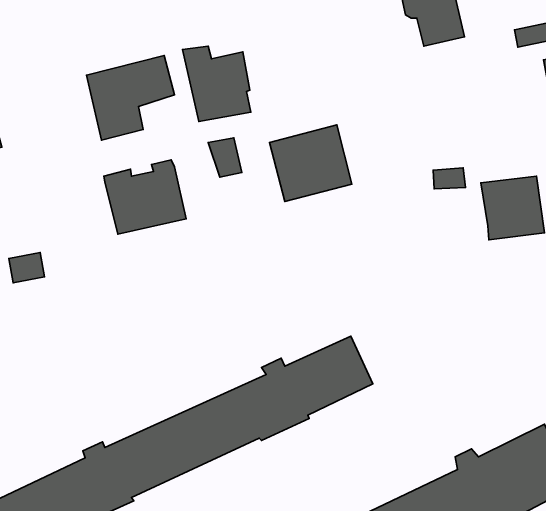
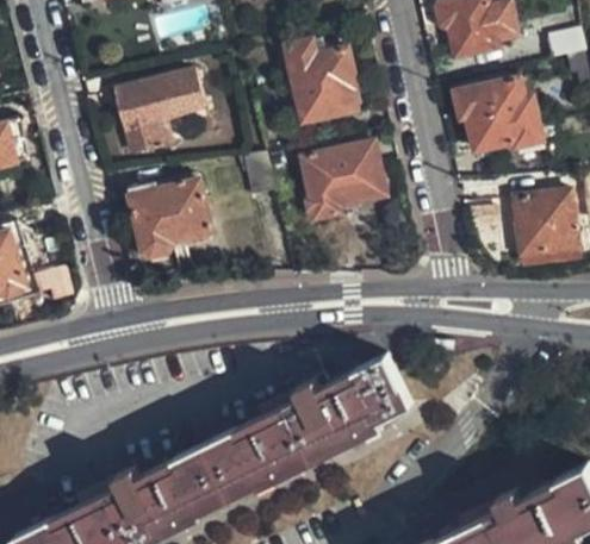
building: [183,46,251,122] -> [287,43,358,120]
building: none -> [457,81,544,152]

